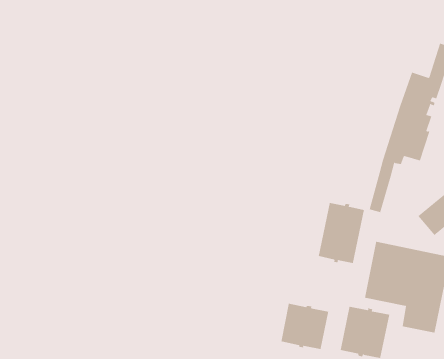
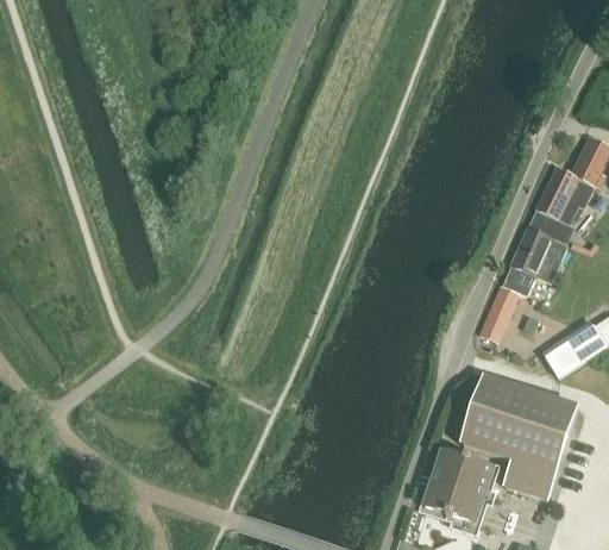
building: [318,202,364,264] -> none
building: [281,303,329,350] -> none

